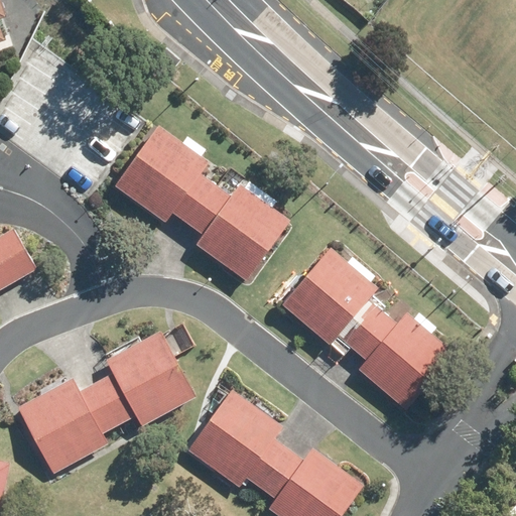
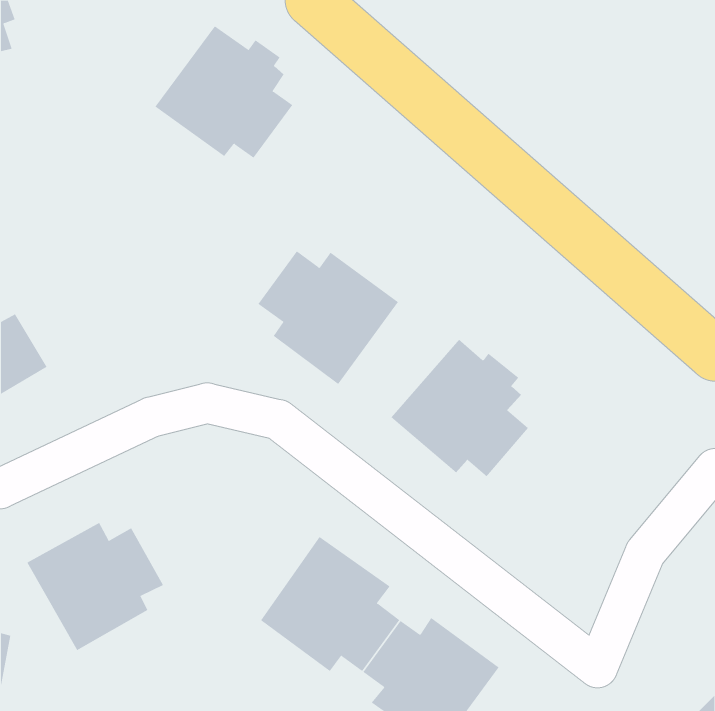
building: [114,126,214,222] -> [154,25,293,158]
building: [351,311,450,408] -> none
building: [95,329,197,424] -> none

